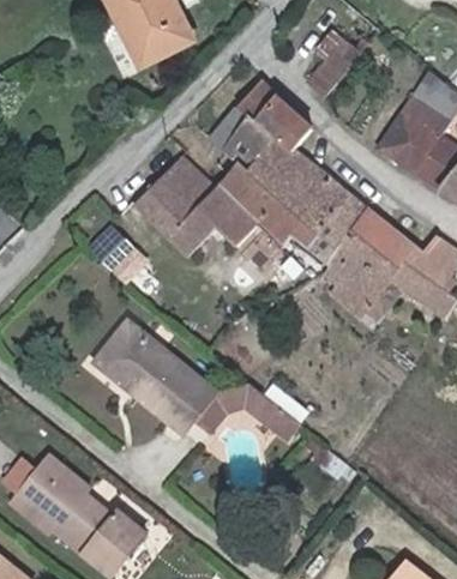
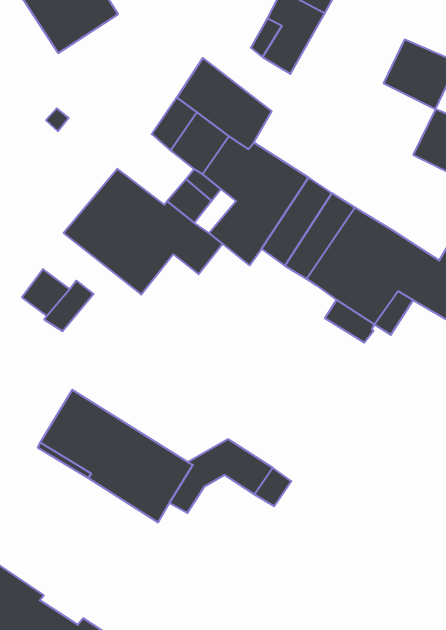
building: [378,114,437,173] -> none

